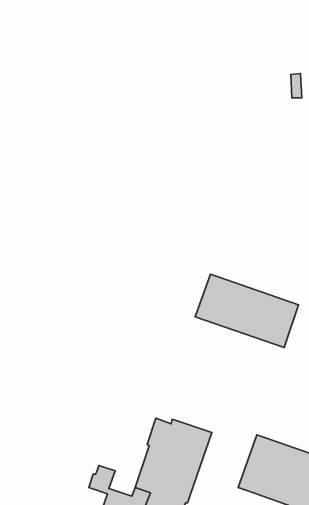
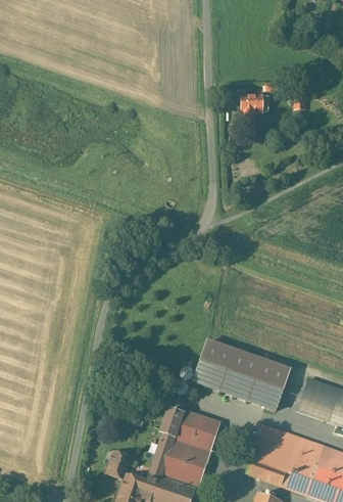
building: none -> [240,95,262,123]
building: [195,274,298,348] -> [193,340,289,409]

